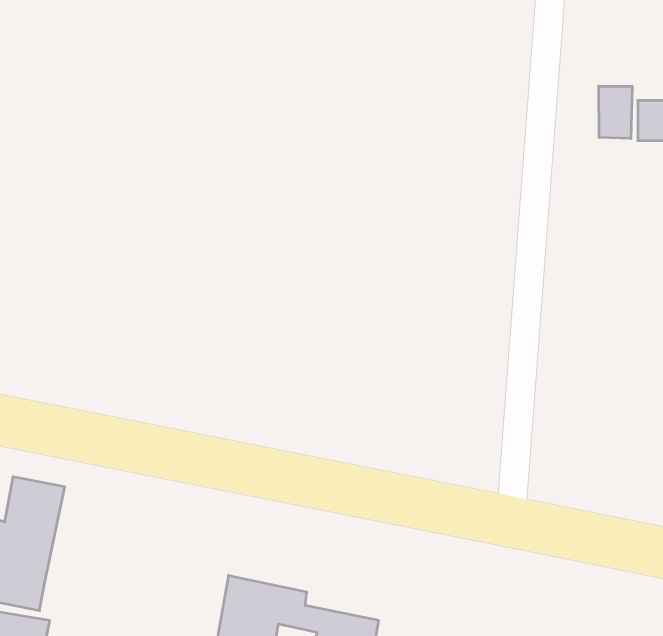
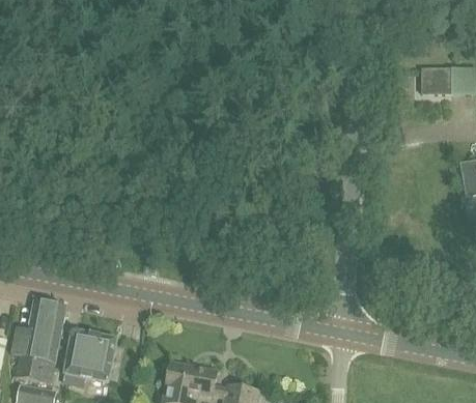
building: [599,86,632,139] -> none
building: none -> [62,329,117,387]

